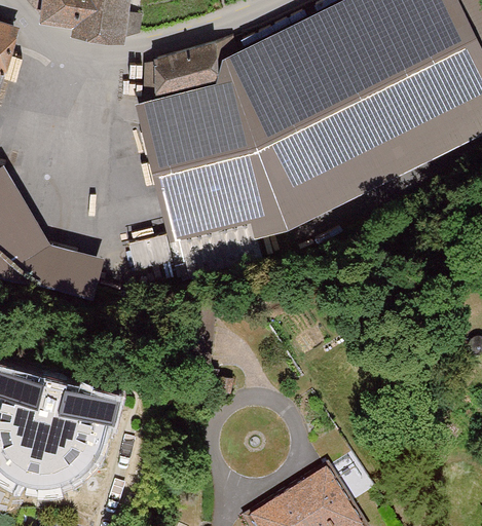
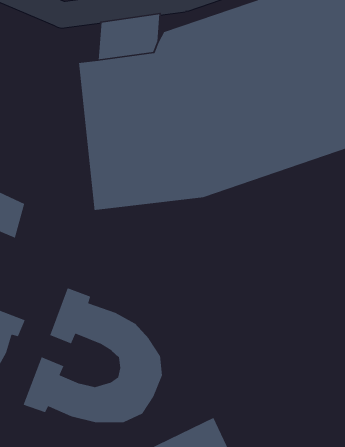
building: none -> [22,287,163,423]

